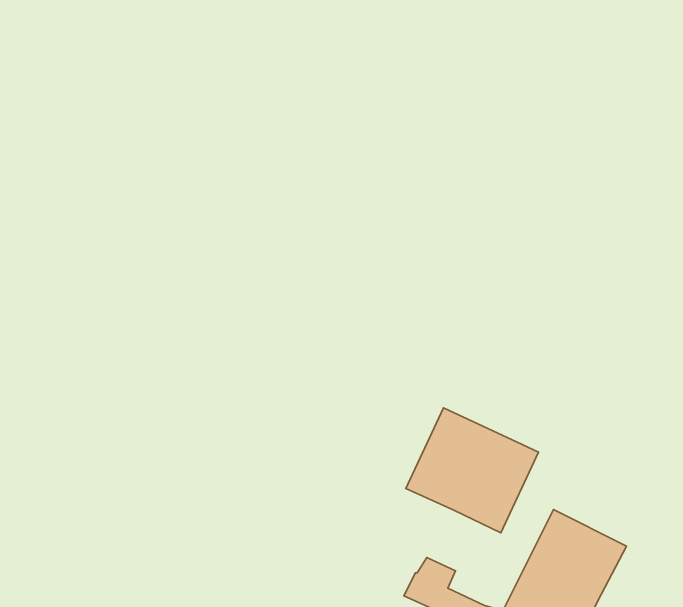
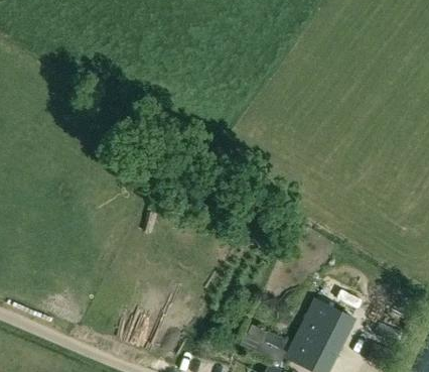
building: [406,408,539,533] -> none

